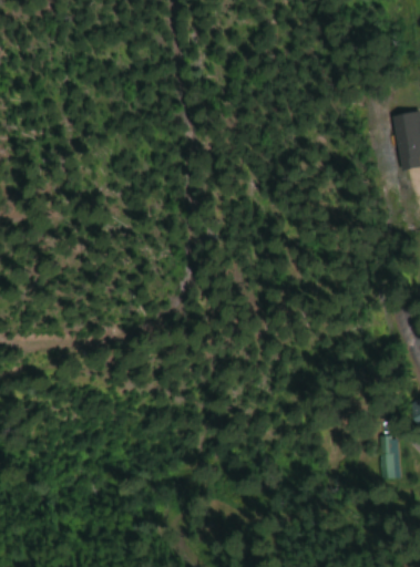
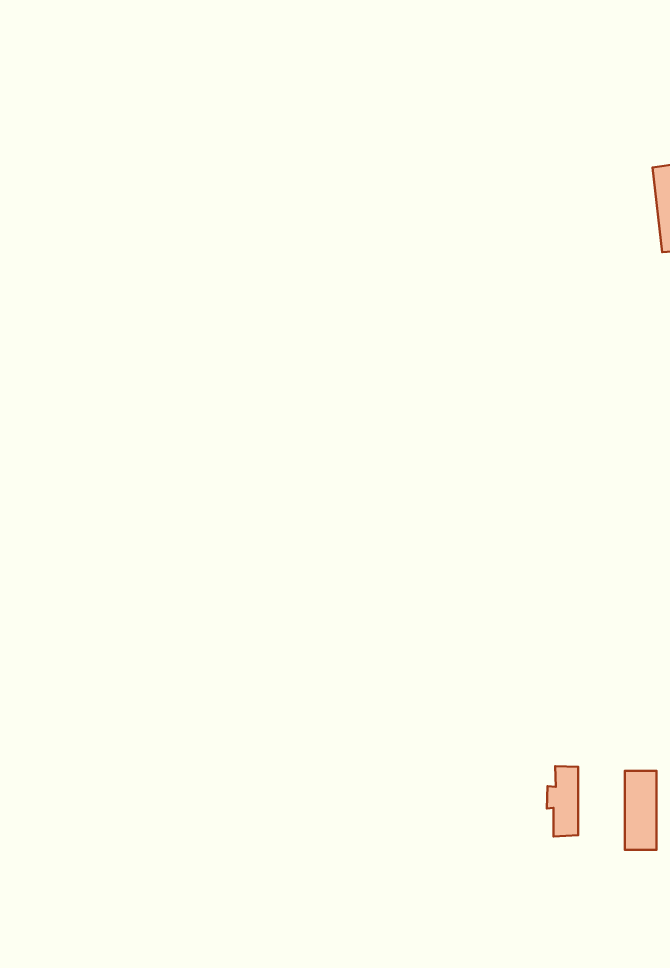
building: none -> [547,766,578,836]

